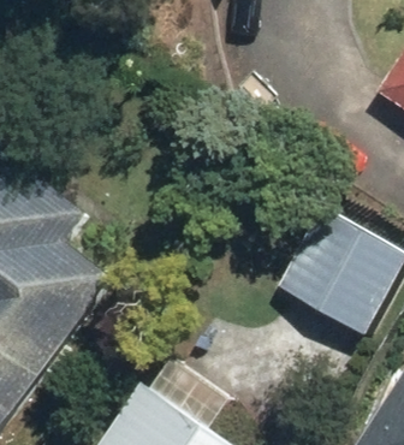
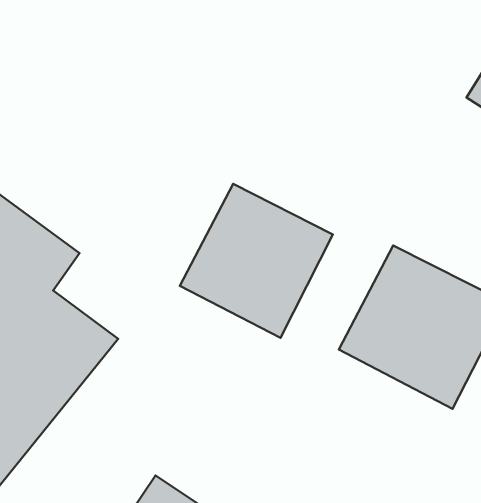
building: none -> [180,184,333,338]

